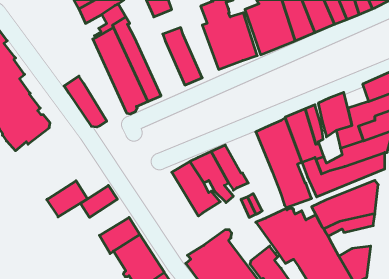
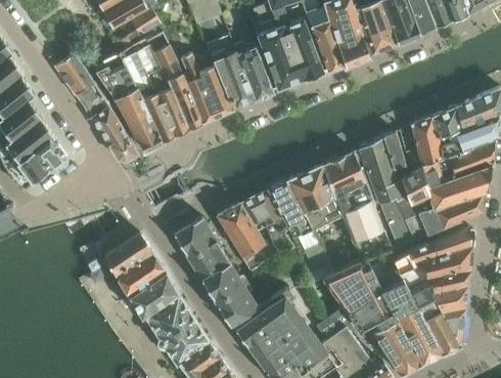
building: none -> [232,41,272,98]
building: none -> [172,46,234,121]
building: none -> [91,50,161,151]
building: none -> [54,53,102,109]
building: none -> [431,107,462,136]
building: none -> [400,153,429,205]
building: none -> [284,166,343,229]
building: none -> [168,210,258,325]
building: [47,181,88,217] -> [113,250,165,295]
building: none -> [412,283,468,321]

